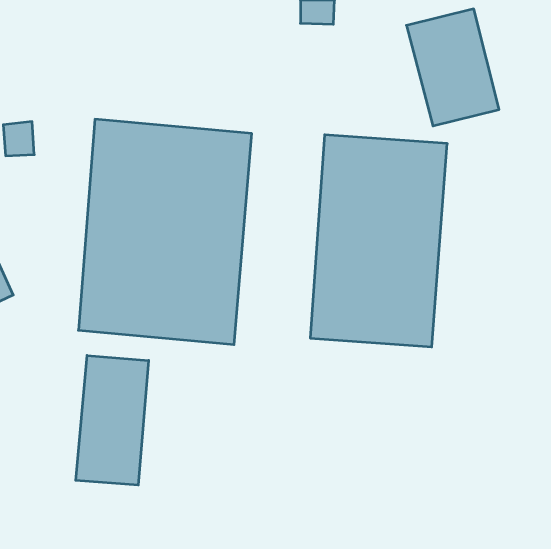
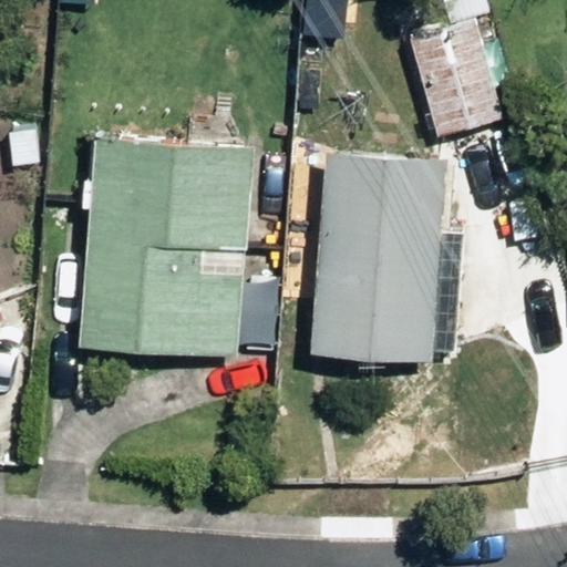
building: [76,355,149,485] -> none

